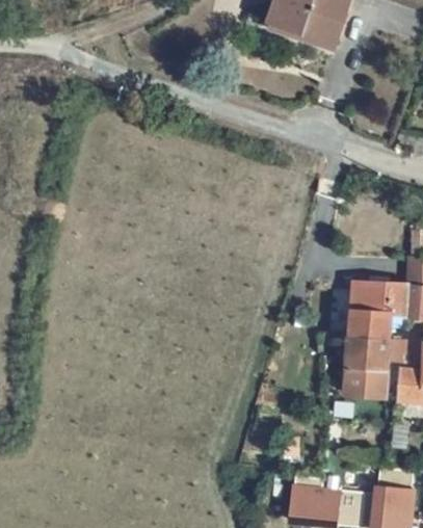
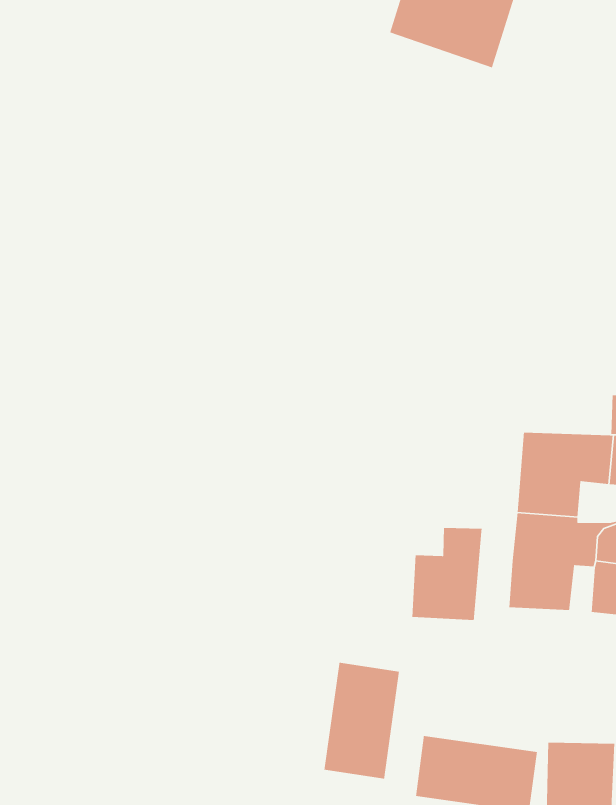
building: none -> [411,527,483,621]
building: none -> [324,662,400,779]

